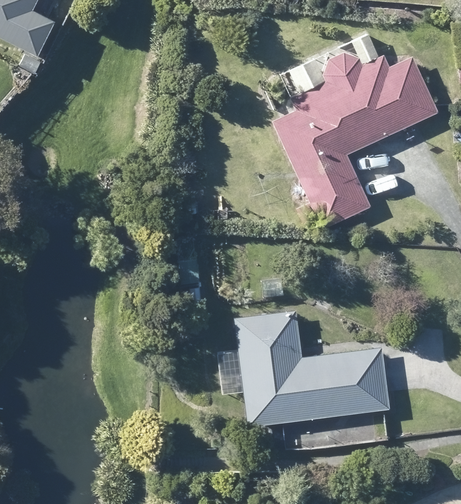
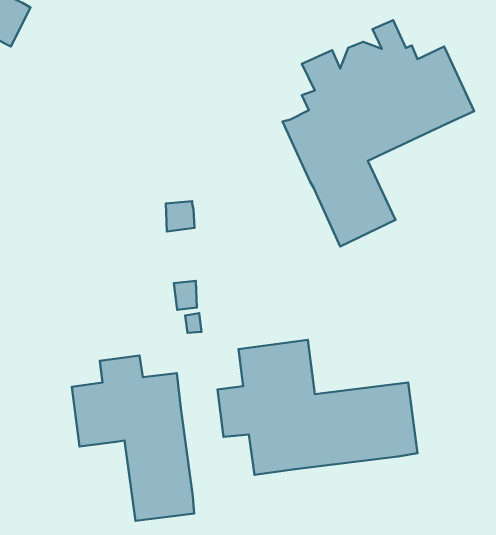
building: none -> [72,355,194,521]

